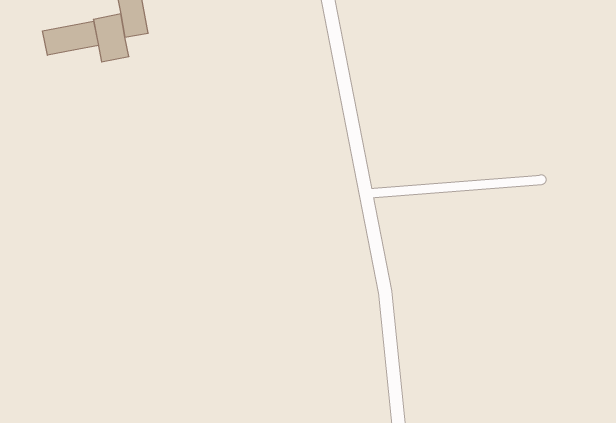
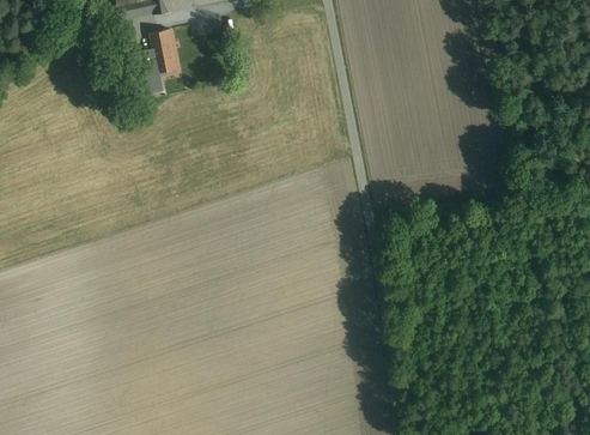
building: [43,21,98,55] -> none

